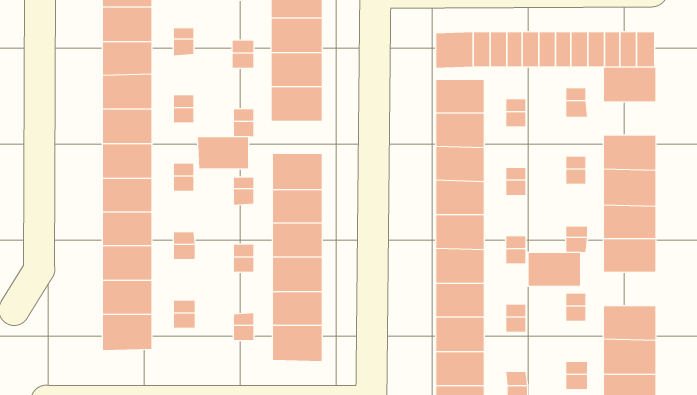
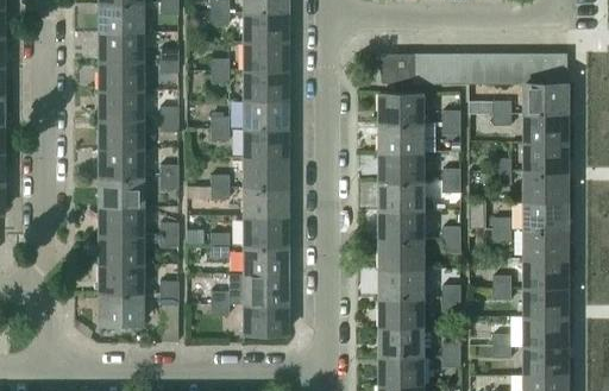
building: none -> [526,113,571,141]
building: [197,137,249,169] -> [243,130,287,157]
building: [528,253,581,286] -> [526,258,571,286]

